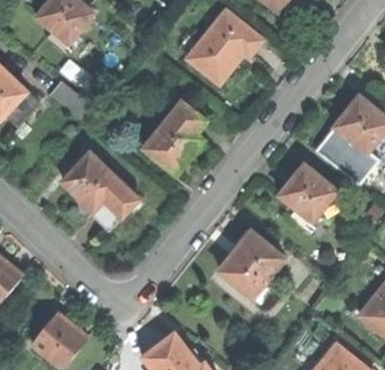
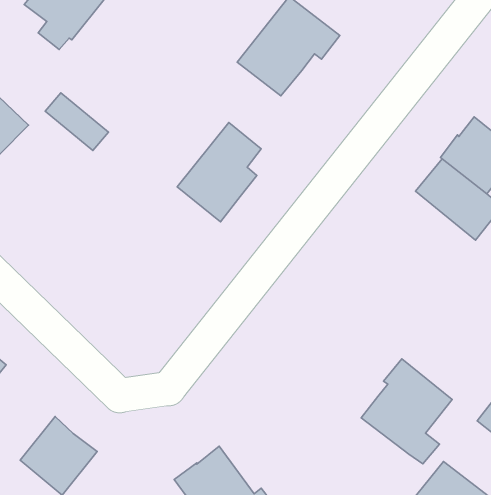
building: [62,151,138,229] -> none
building: [278,163,336,226] -> none
building: [219,228,284,303] -> [361,359,452,464]

